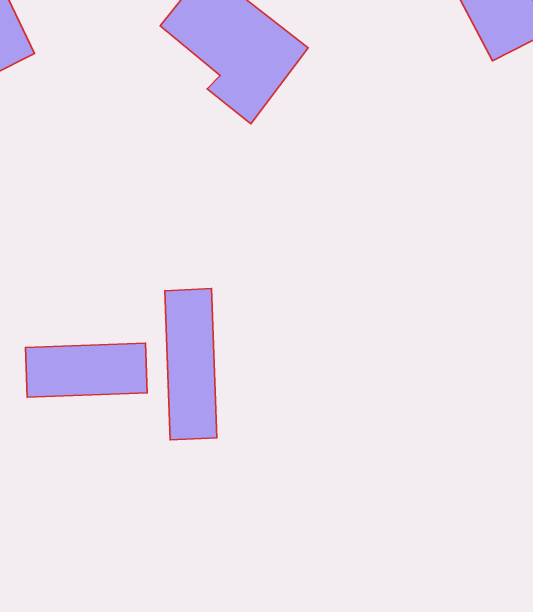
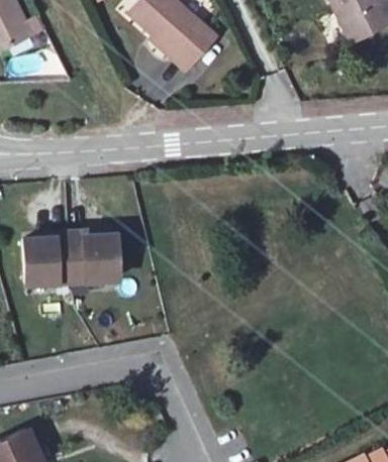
building: [165,289,217,440] -> none

